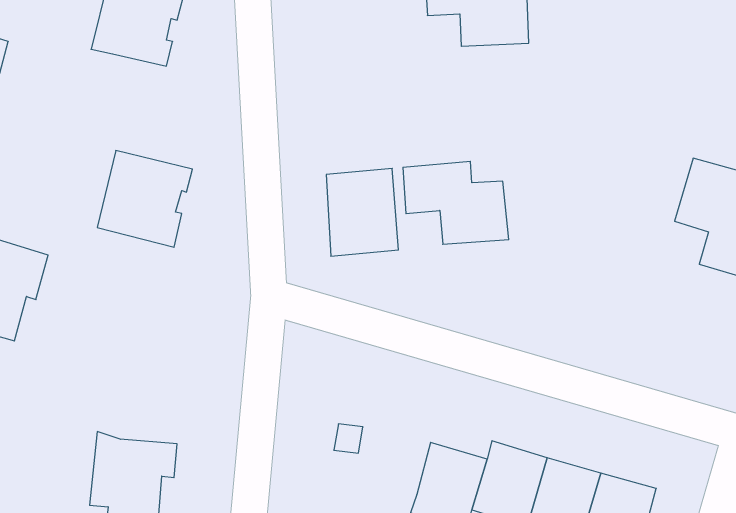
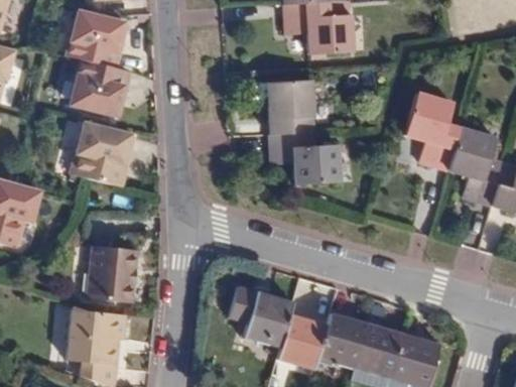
building: none -> [70,59,130,117]
building: none -> [405,94,462,169]
building: [326,168,398,256] -> [268,77,315,134]
building: none -> [87,249,135,302]
building: none -> [242,292,293,349]

